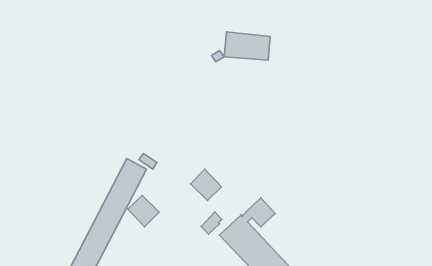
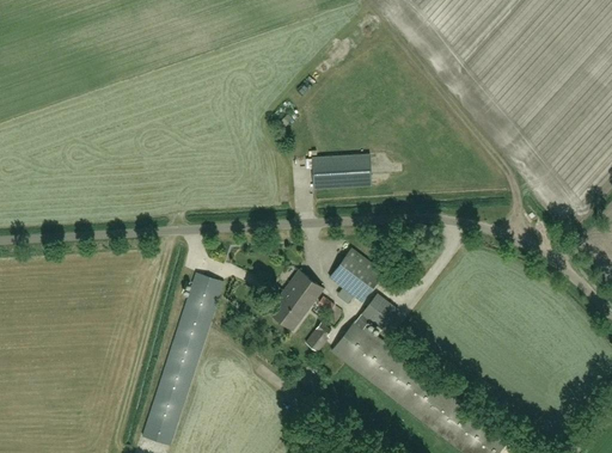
building: [224,32,270,60] -> [311,154,371,190]
building: none -> [329,249,384,302]
building: [128,196,159,227] -> [268,292,308,331]

